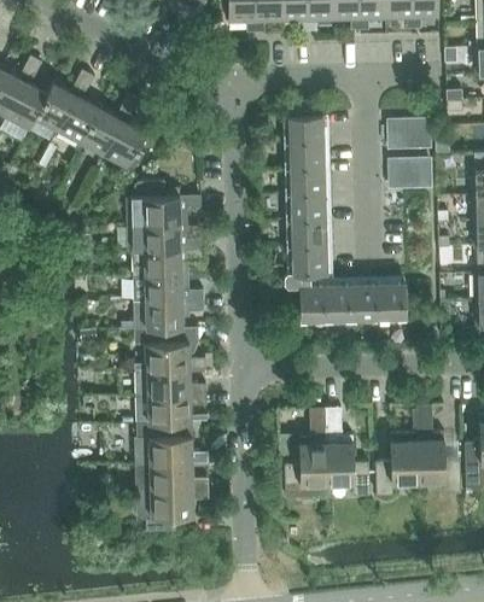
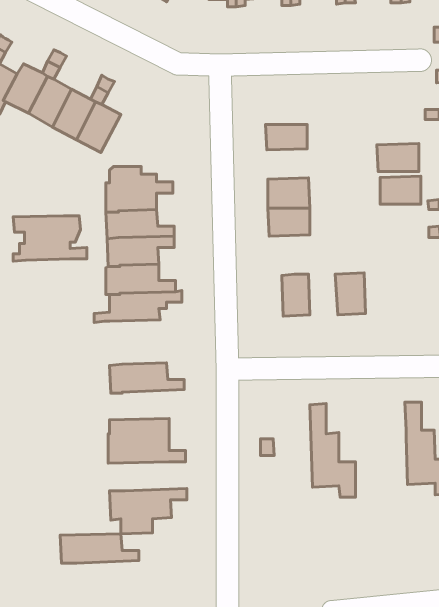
building: [284,113,323,141] -> none
building: [390,119,428,146] -> [380,176,421,204]
building: [285,164,325,193] -> none
building: [285,246,327,286] -> none
building: [378,281,407,321] -> none
building: [325,284,352,322] -> none
building: [135,327,205,370] -> [13,216,87,261]
building: [134,393,210,422] -> none
building: [285,408,328,497] -> none
building: [377,432,419,495] -> none
building: [134,462,209,490] -> [60,534,139,563]

